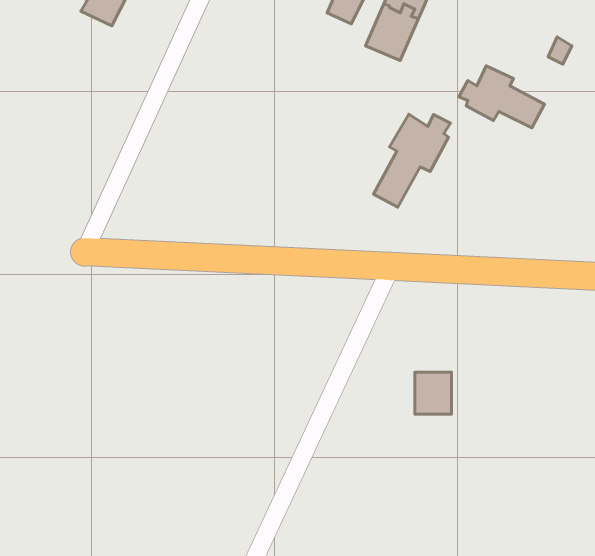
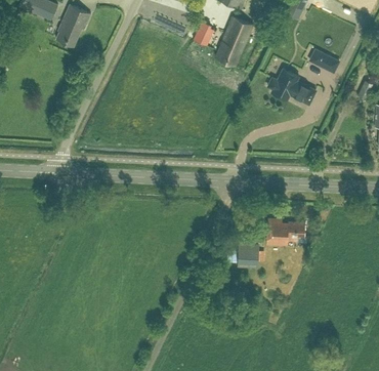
building: [373,114,451,207] -> none
building: none -> [266,218,307,246]

